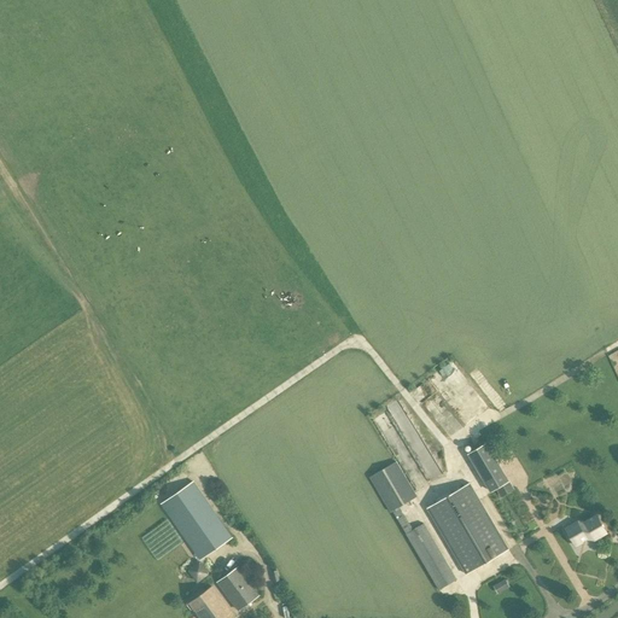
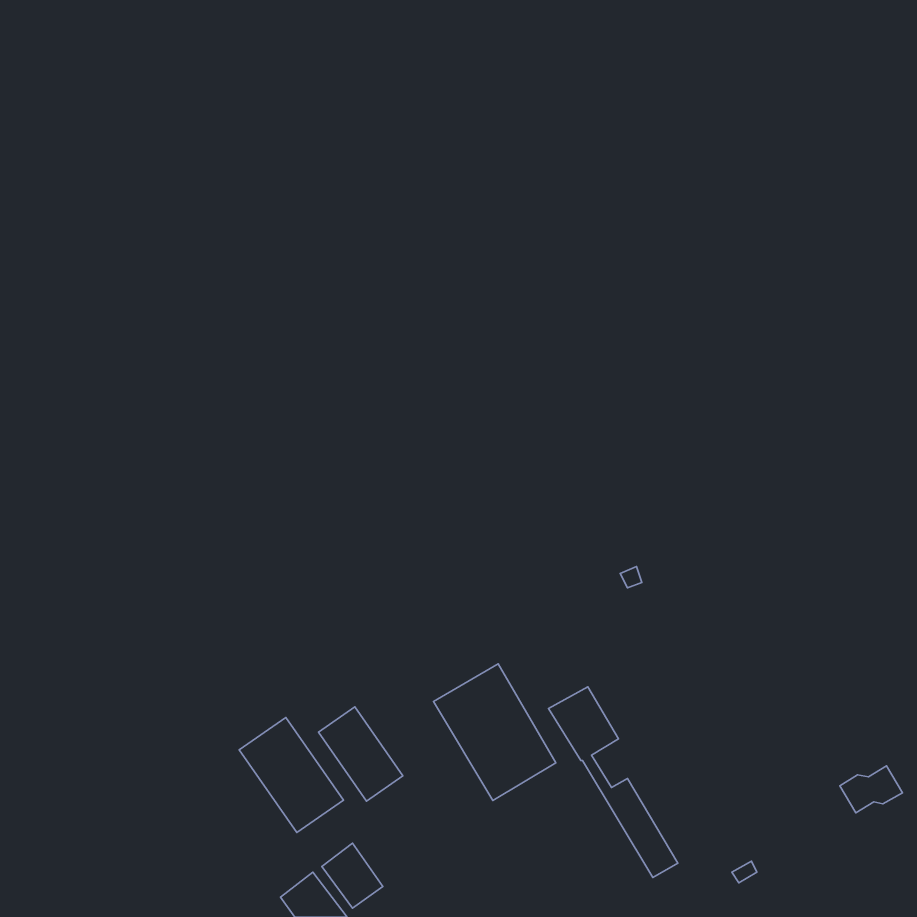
building: [467,443,512,495] -> none
building: none -> [319,707,403,801]
building: [425,482,507,573] -> [434,664,556,800]

